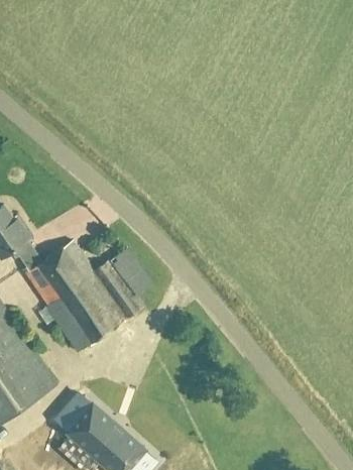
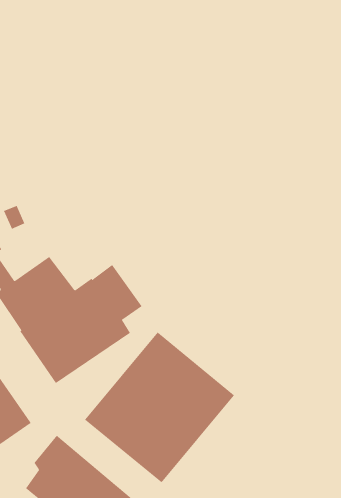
building: none -> [85,332,234,483]

